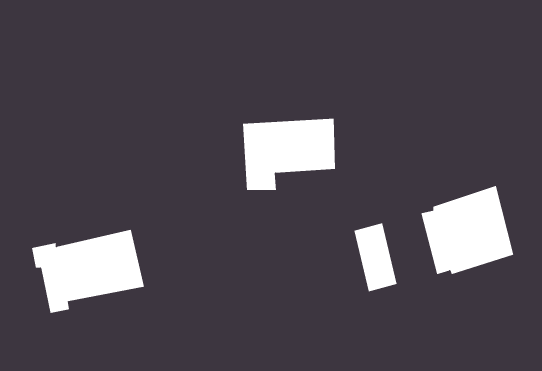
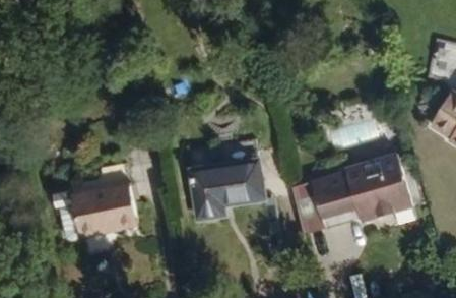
building: [242,118,336,191] -> [194,165,265,220]
building: none -> [314,171,354,225]

